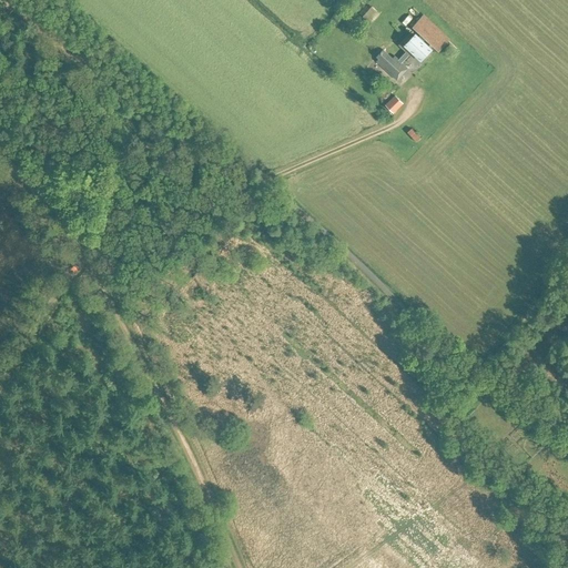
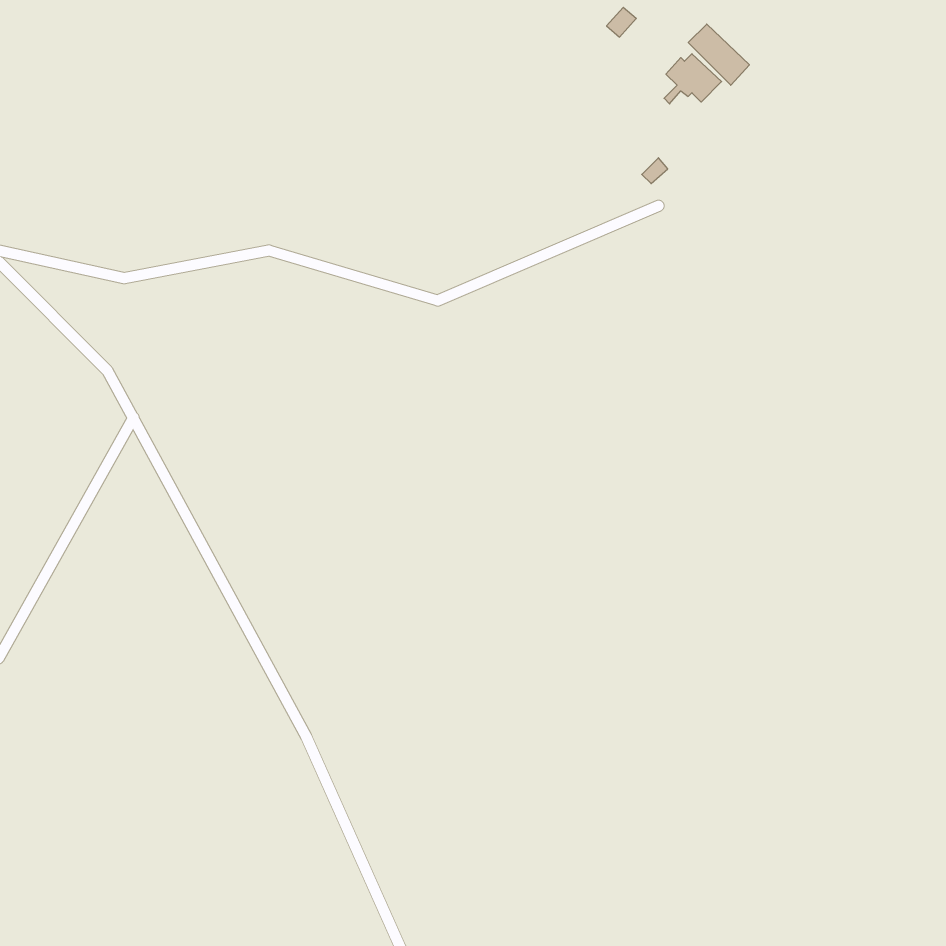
building: [375,50,406,81] -> none

